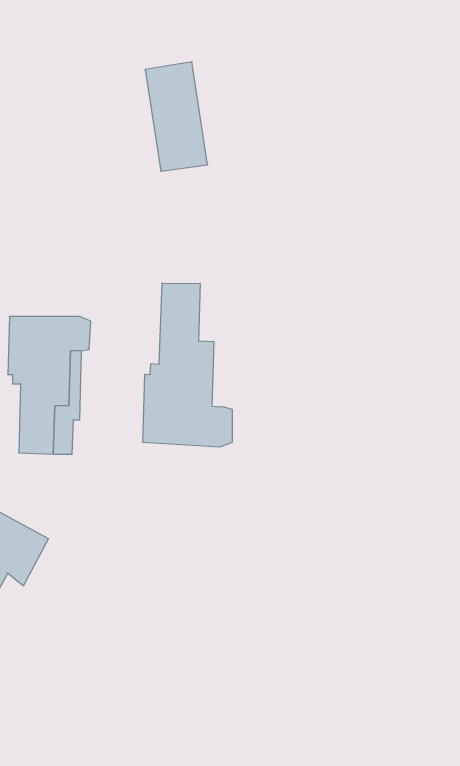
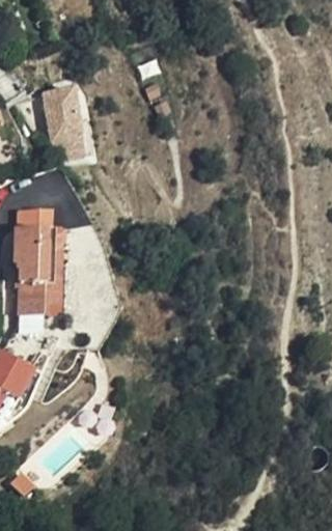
building: [145,62,208,171] -> [45,85,86,158]
building: [143,283,232,447] -> none

